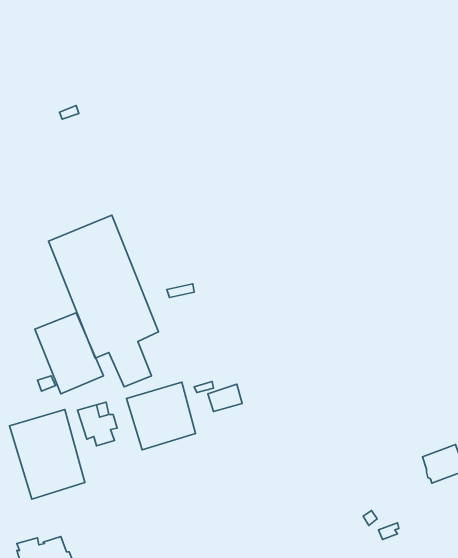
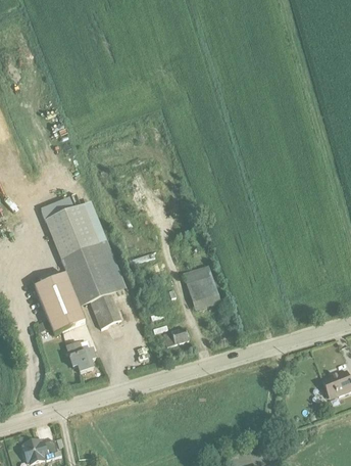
building: none -> [182,264,220,310]
building: [126,382,195,450] -> none
building: [9,409,85,499] -> none

